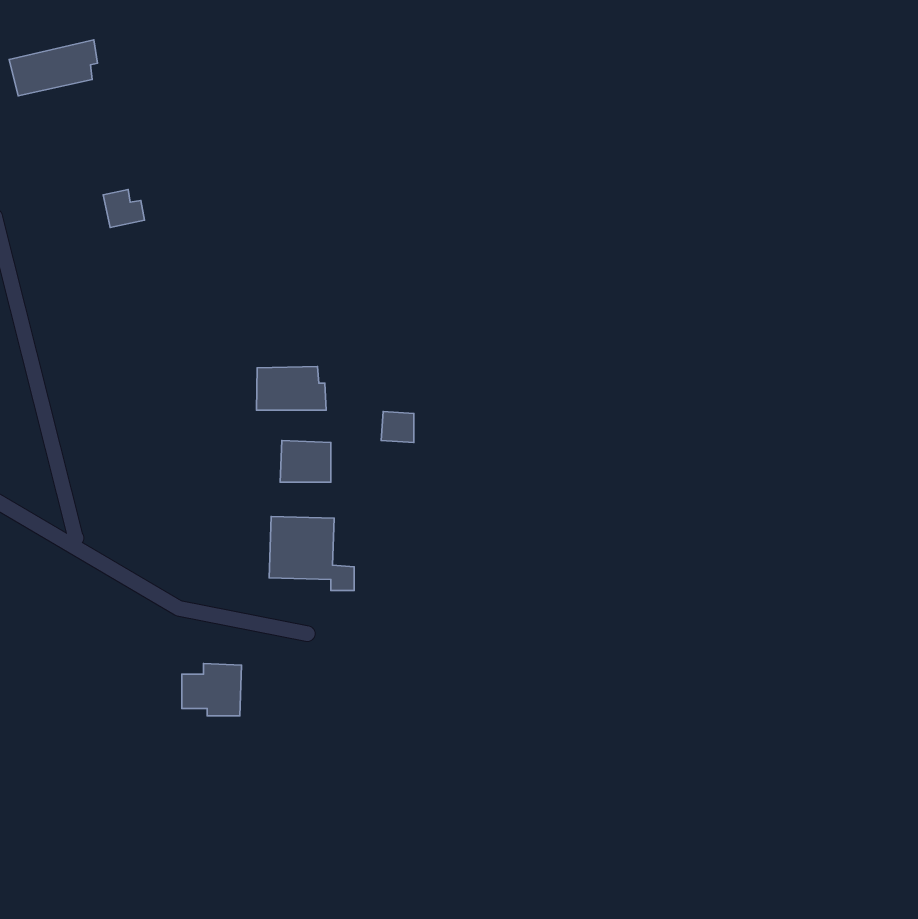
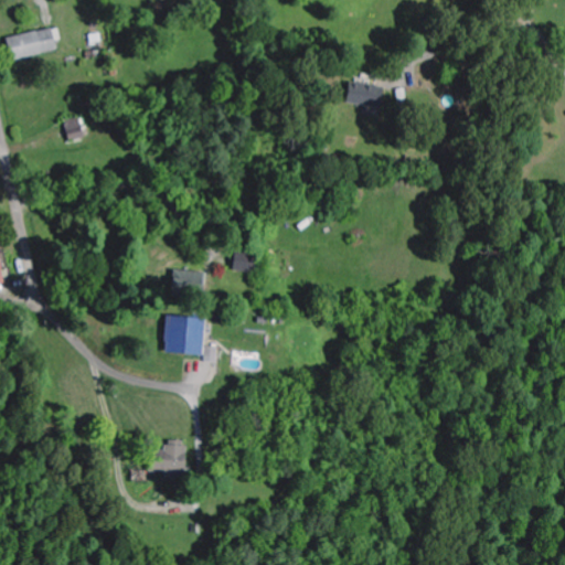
building: none -> [347,79,383,105]
building: [257,367,326,410] -> none
building: [182,663,242,716] -> [149,444,185,476]

